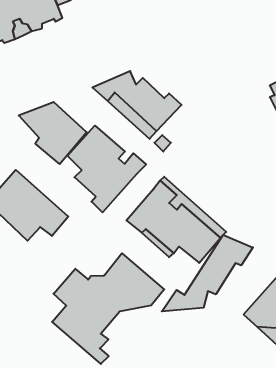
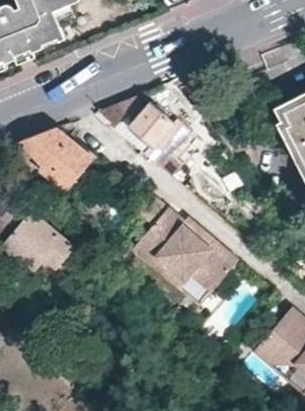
building: [67,126,146,212] -> none
building: [162,235,253,311] -> none
building: [52,253,164,364] -> none

